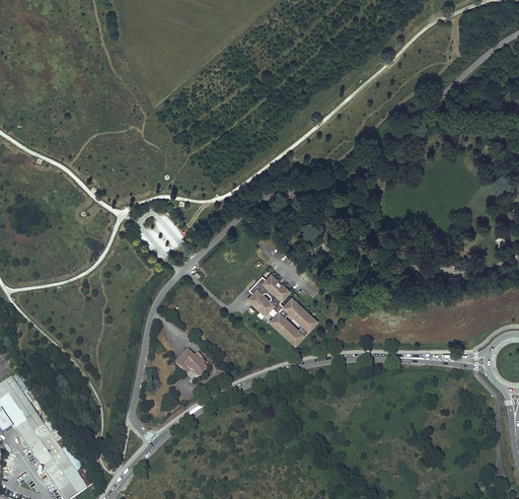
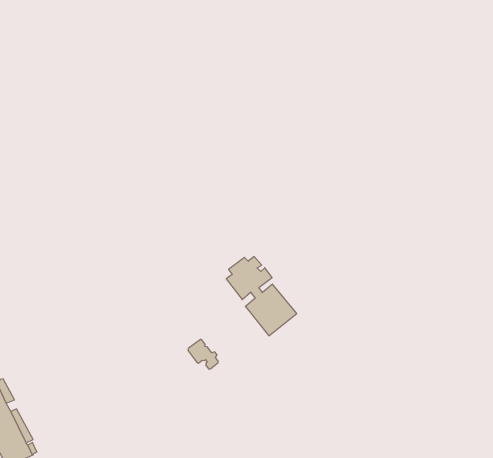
building: [174,351,204,377] -> [188,339,218,369]

